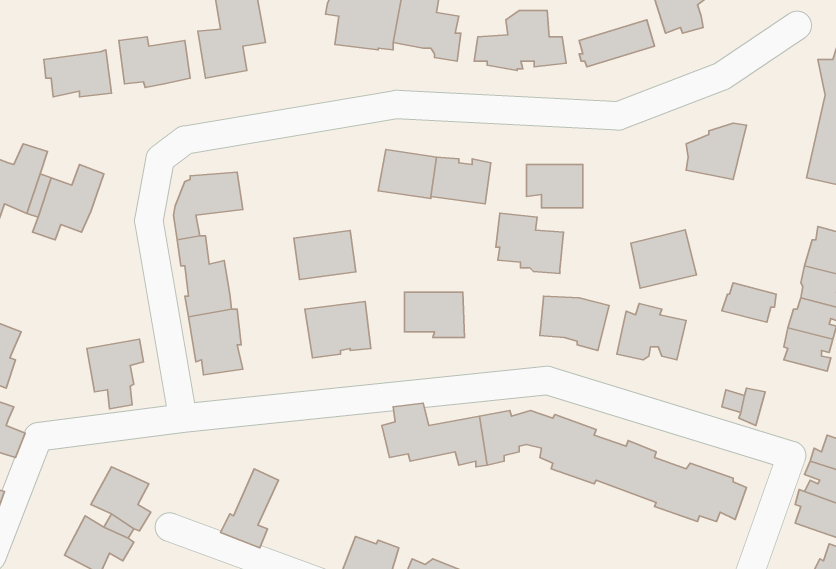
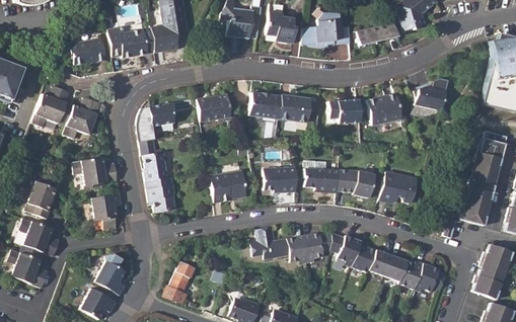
building: [496,213,564,273] -> [301,160,338,192]
building: [631,230,696,288] -> [367,92,402,124]
building: [294,231,356,279] -> [198,93,231,119]
building: none -> [71,157,118,186]
building: [722,283,776,322] -> [461,204,491,225]

